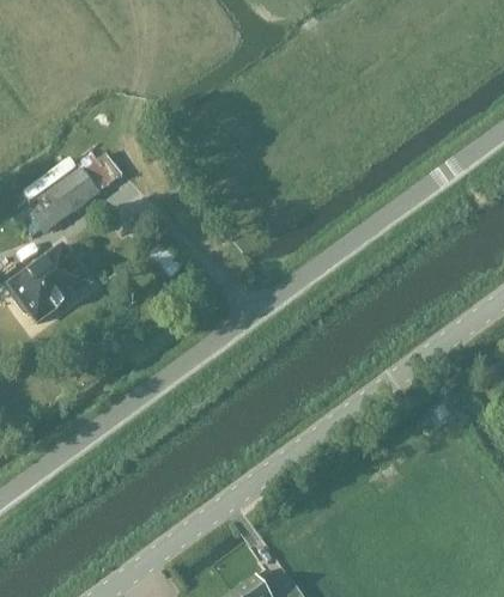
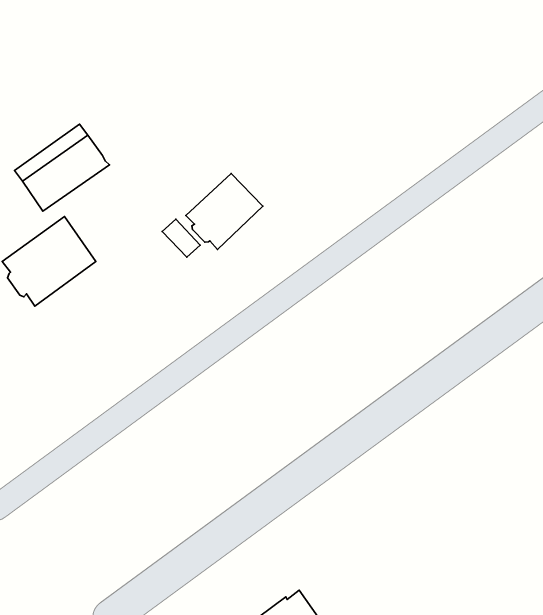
building: [74,152,120,194] -> none
building: none -> [186,173,263,249]

